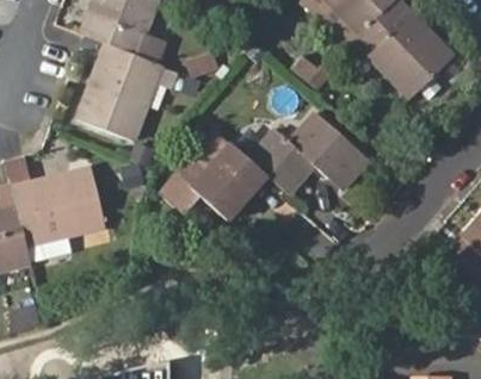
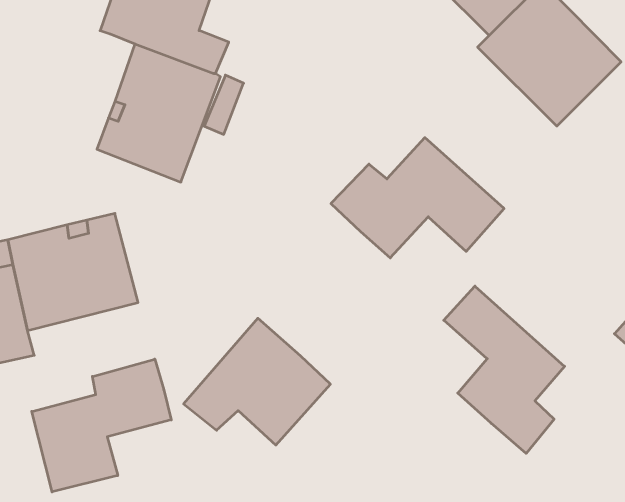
building: [161,130,267,222] -> [184,318,330,445]
building: none -> [444,286,565,453]
building: none -> [32,359,171,492]

